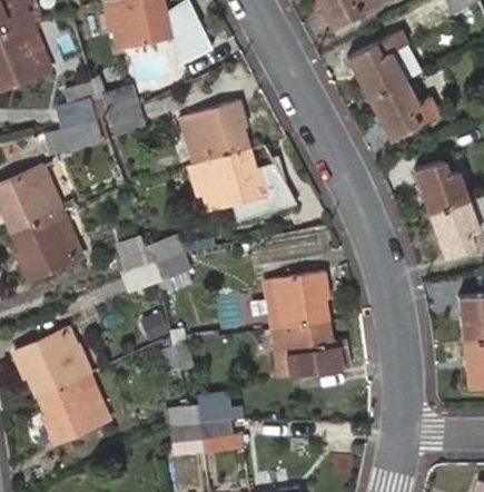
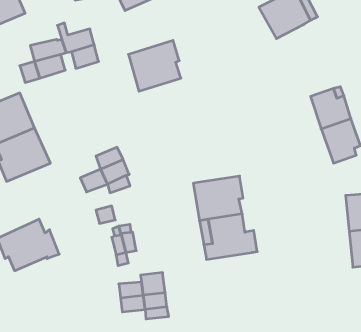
building: [371,80,439,139] -> none
building: [190,148,300,218] -> none
building: [110,233,147,275] -> none
building: [38,374,107,441] -> none

